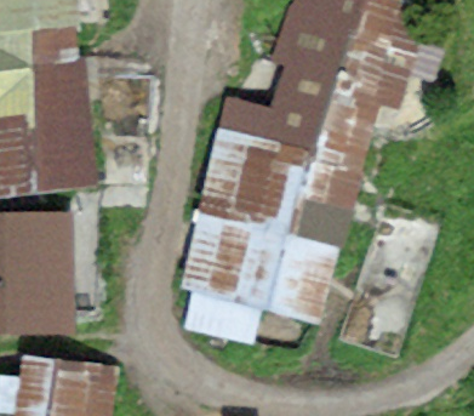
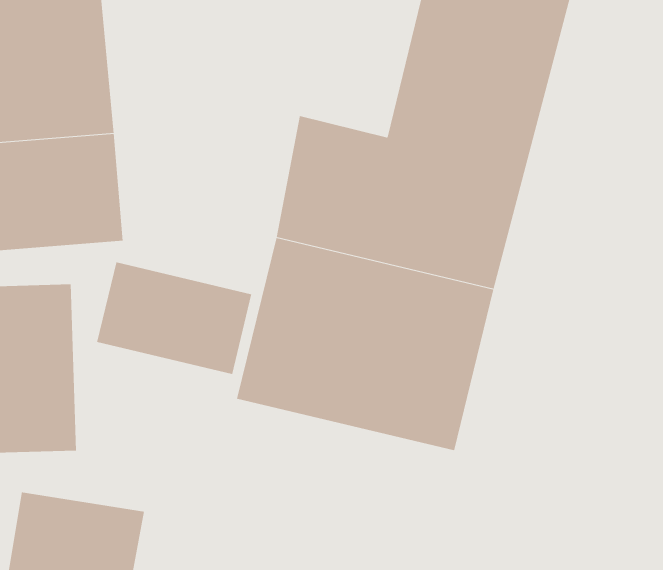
building: none -> [97,262,252,375]

